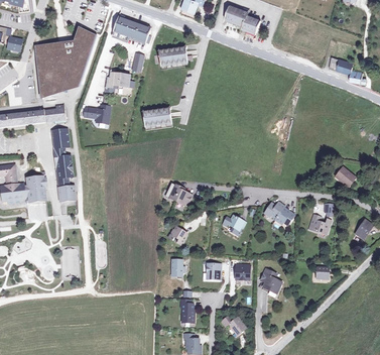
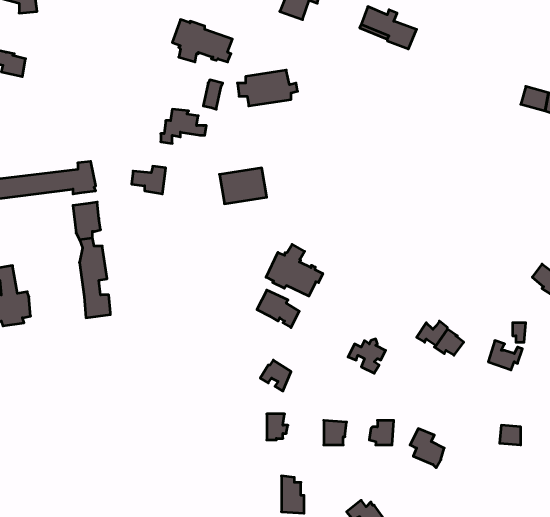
building: [35,30,94,96] -> none
building: none -> [266,244,323,296]
building: [23,176,45,202] -> none

